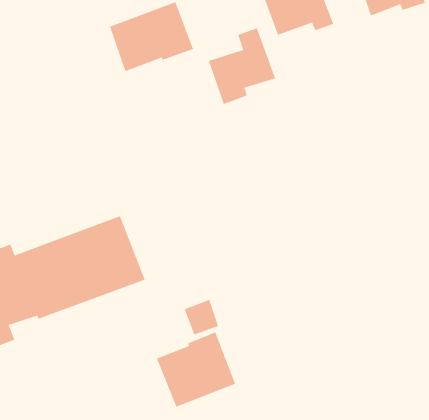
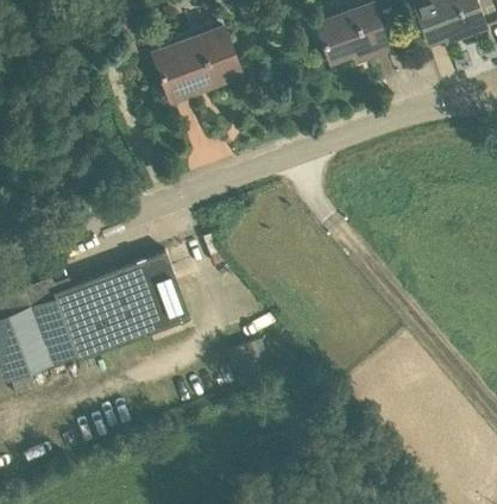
building: [208,28,276,105] -> none
building: [156,331,236,407] -> none

